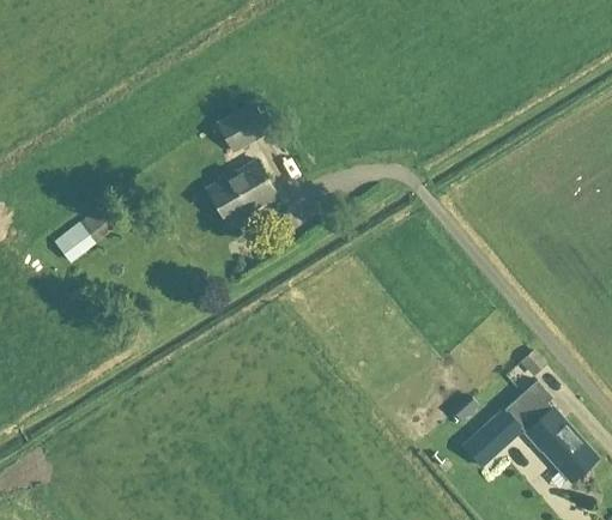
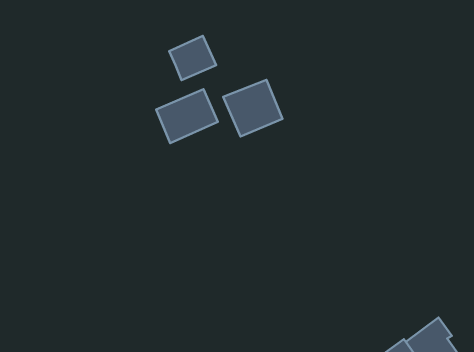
building: none -> [223,80,283,137]
building: [53,208,115,265] -> none

